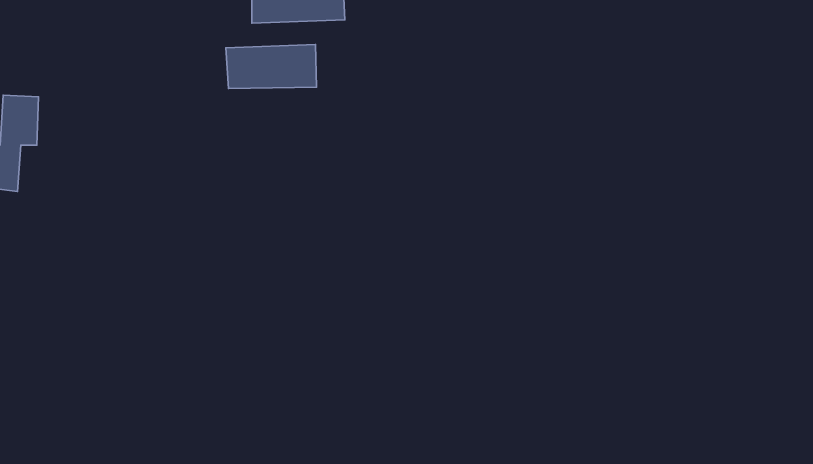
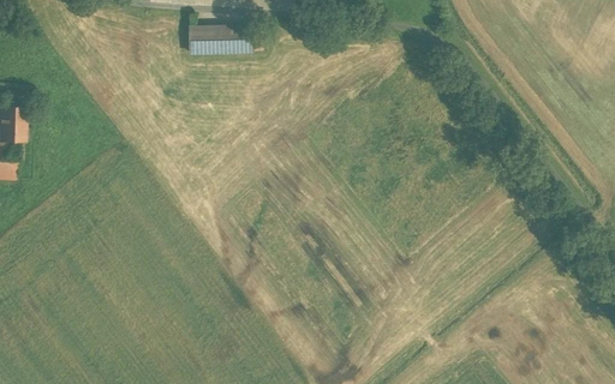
building: [226,45,317,88] -> none

